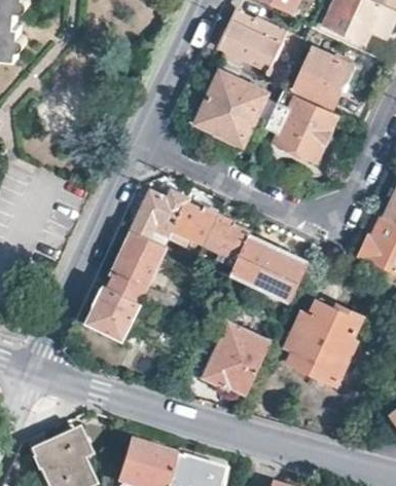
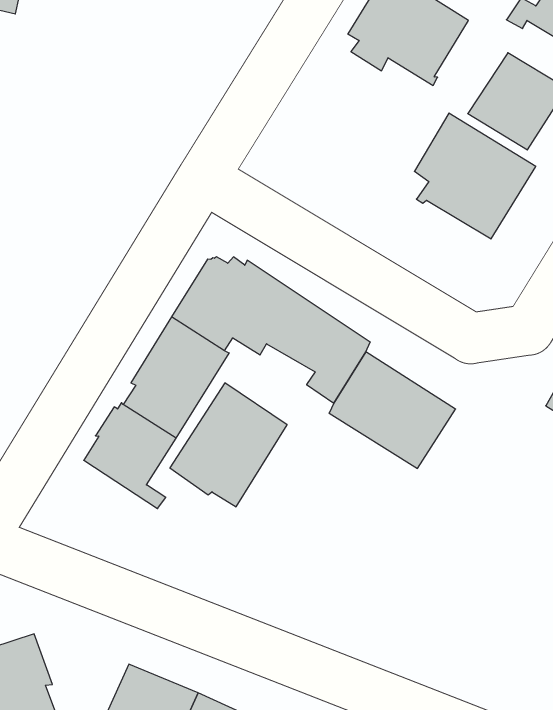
building: [196,72,265,144] -> none
building: [286,299,360,385] -> none
building: [203,323,269,396] -> [170,383,287,507]

